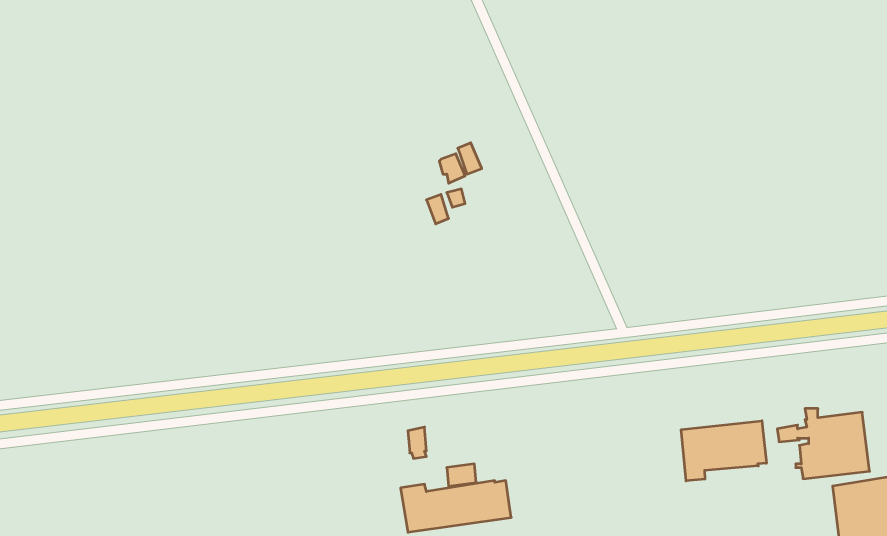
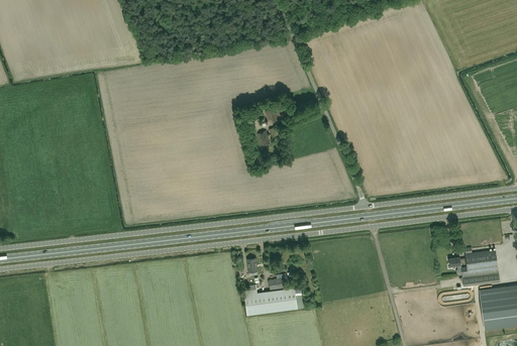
building: [681,421,766,481] -> none

